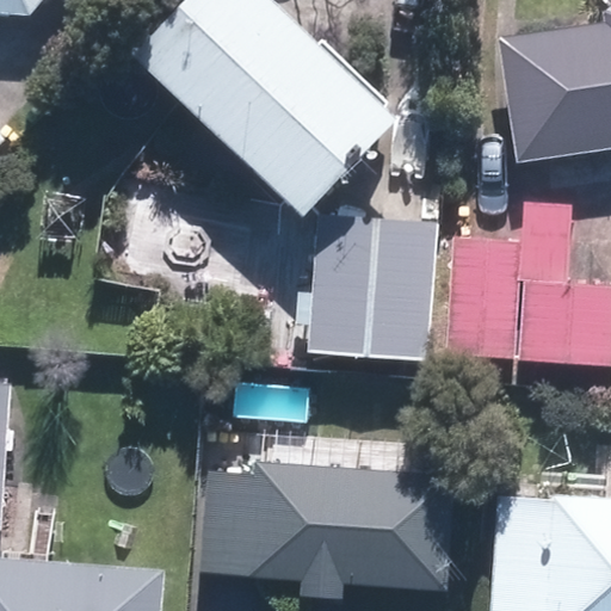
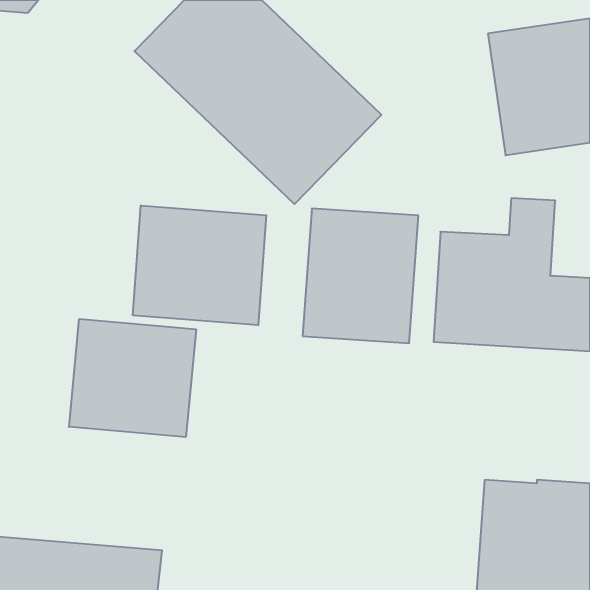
building: none -> [133,205,266,325]
building: none -> [69,319,196,437]
building: [203,458,457,592] -> none

